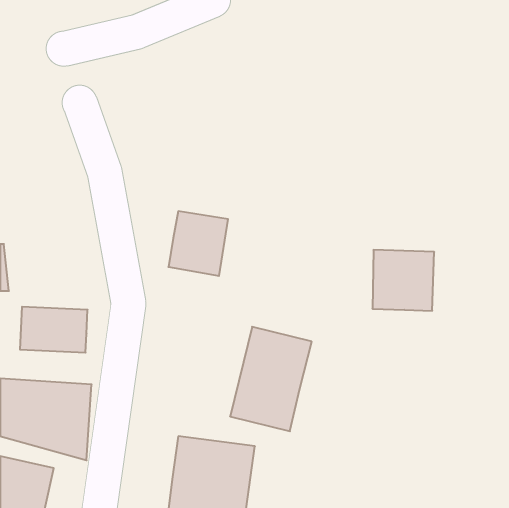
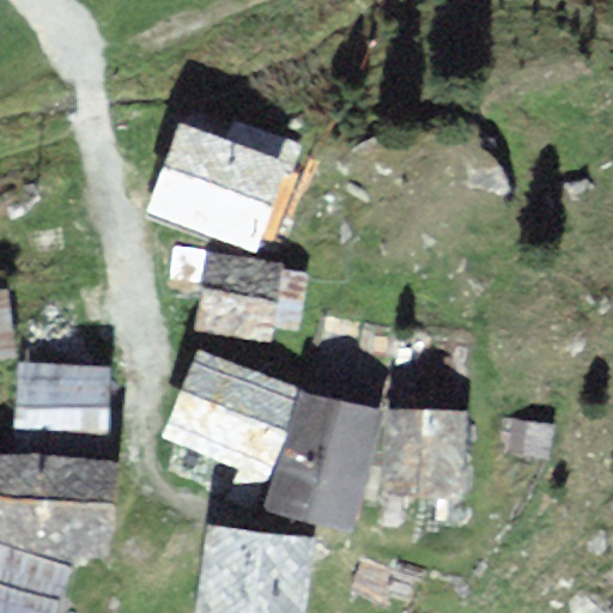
building: none -> [154,126,281,241]
building: [372,250,434,311] -> [389,413,463,486]
building: none -> [171,354,292,465]

